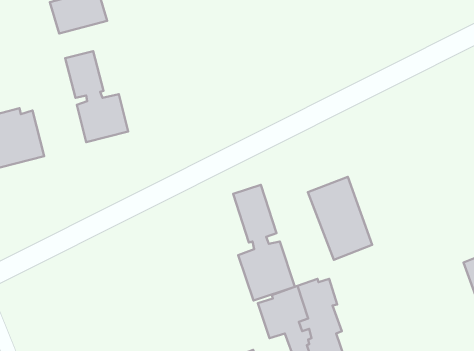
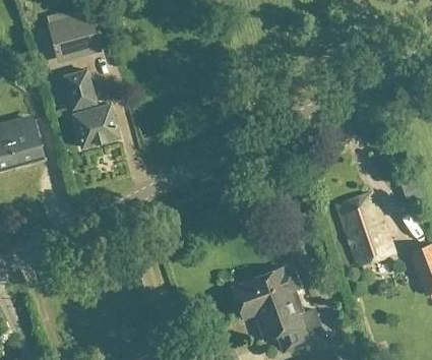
building: [308,177,372,260] -> [336,193,392,265]
building: [233,185,295,300] -> none

